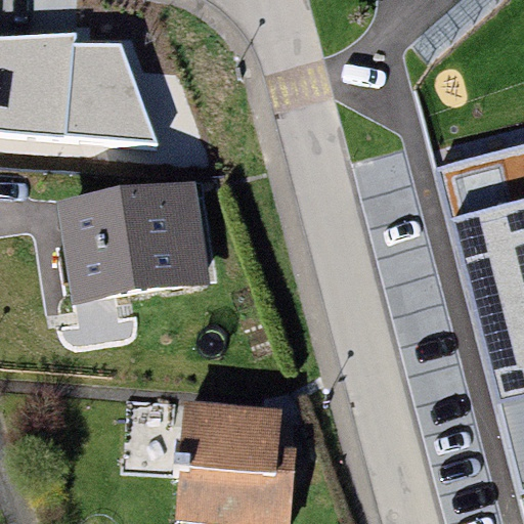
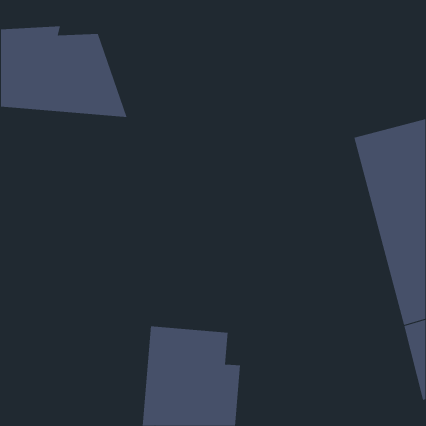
building: [58,180,212,303] -> none

